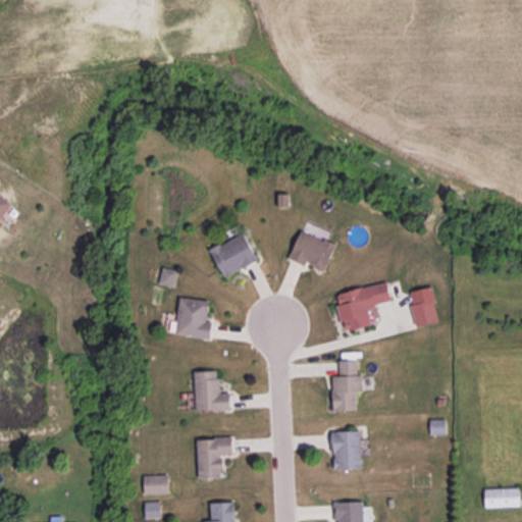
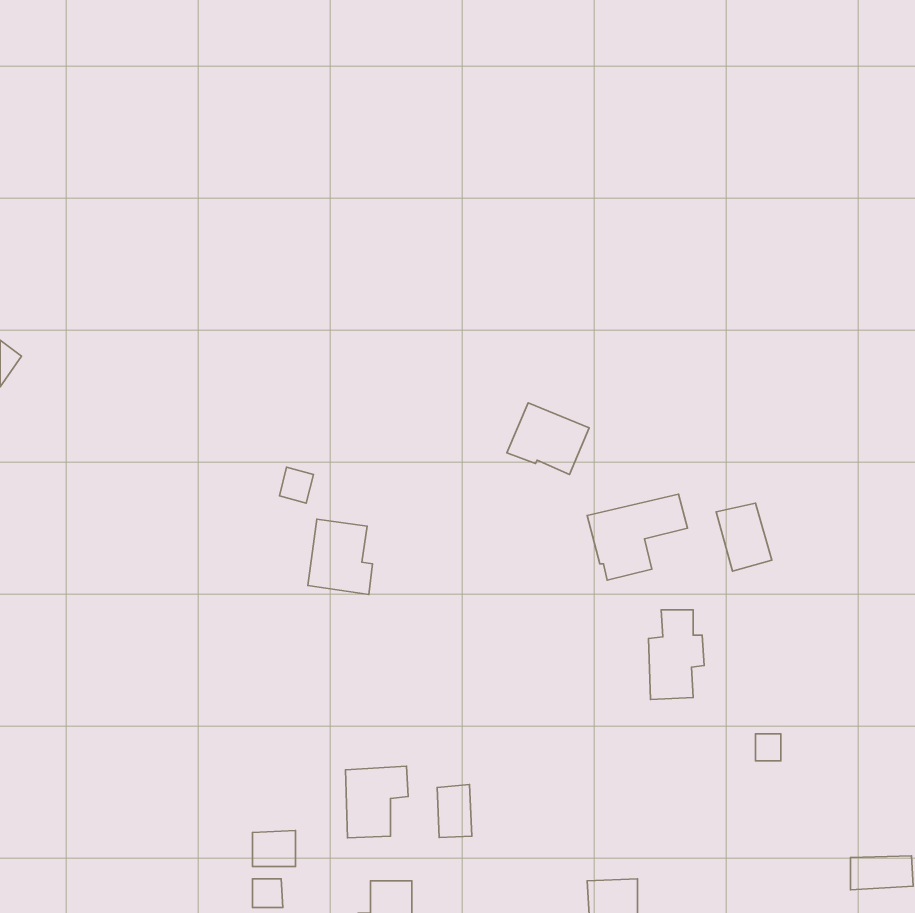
building: [210,233,258,278] -> none
building: [331,360,363,411] -> [649,610,704,699]
building: [195,370,230,411] -> none
building: [332,431,361,469] -> none
building: none -> [437,785,472,837]

